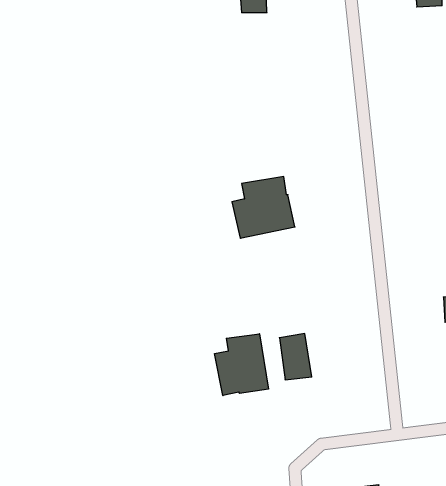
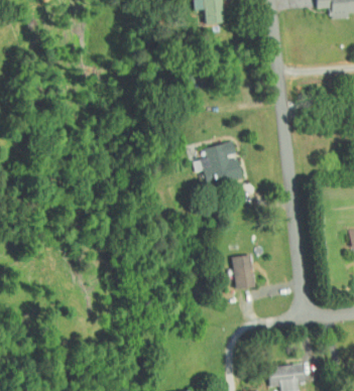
building: [215,334,268,396] -> none

